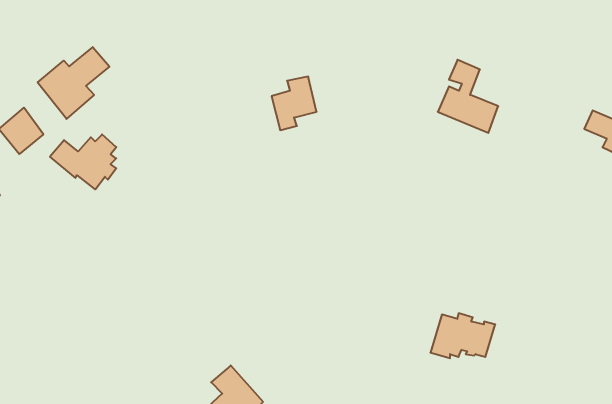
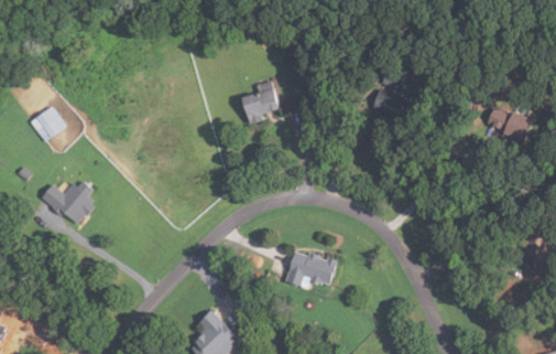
building: [38,47,109,119] -> none
building: [50,134,116,189] -> [41,181,92,224]
building: [430,313,495,358] -> [285,249,336,285]

